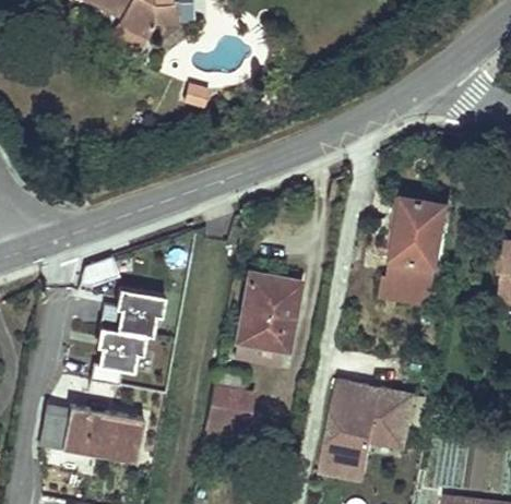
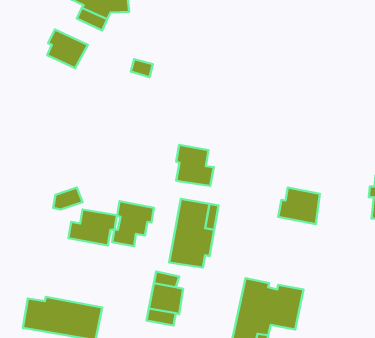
building: none -> [47,30,88,68]
building: [393,194,449,266] -> none
building: none -> [176,145,214,186]
building: [91,325,146,385] -> [112,201,154,246]

